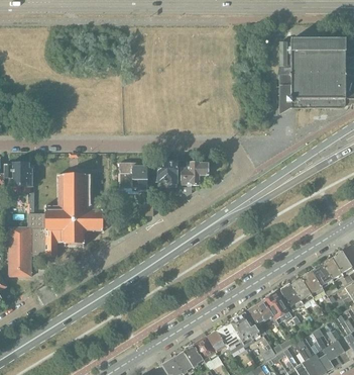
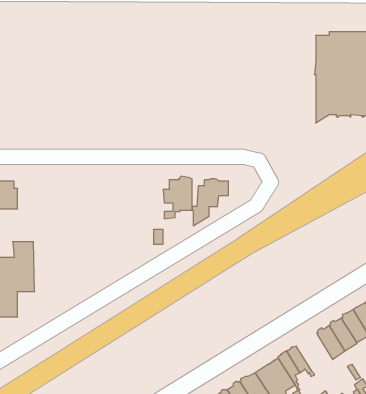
building: [118,162,146,194] -> none
building: [44,173,104,257] -> none
building: [263,294,291,323] -> none

